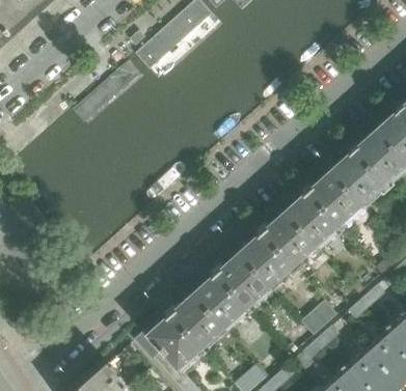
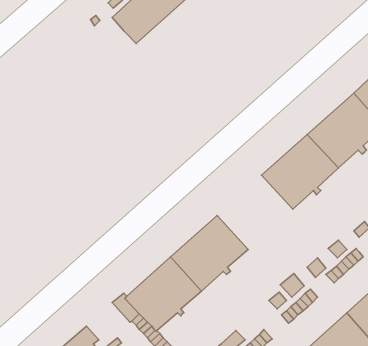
building: [75,62,139,123] -> none
building: [239,211,315,285] -> none

